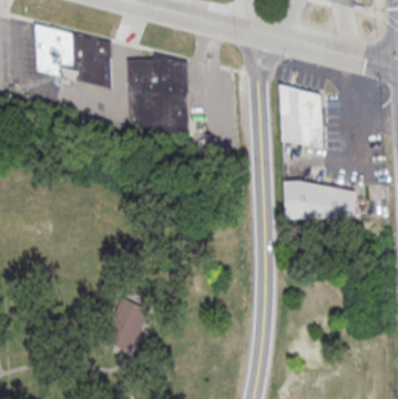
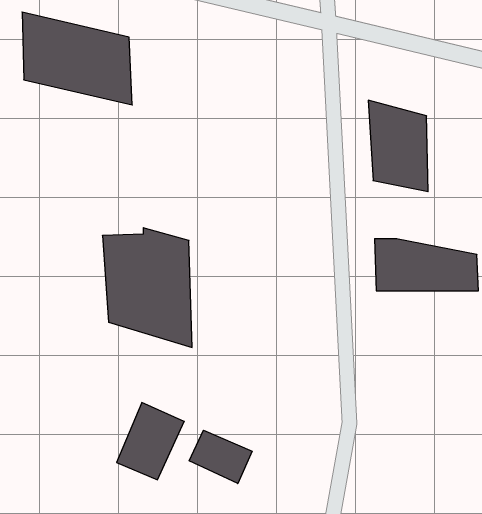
building: [126,53,190,137] -> [102,228,192,347]
building: none -> [189,430,252,484]

